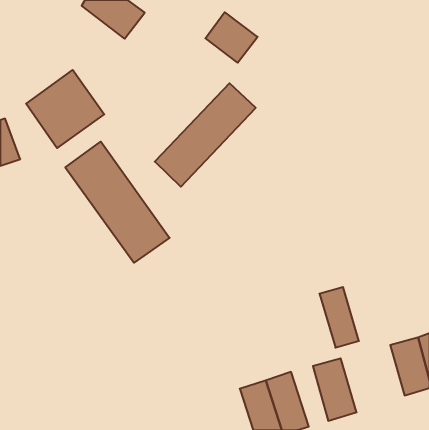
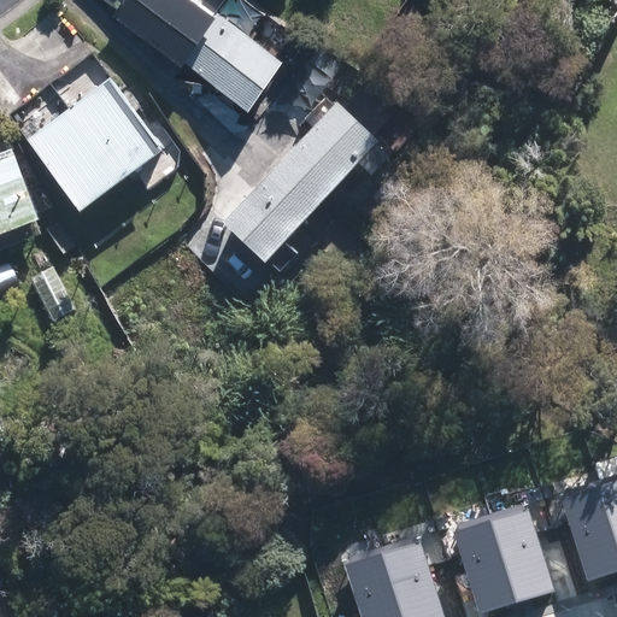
building: [205,12,258,63] -> [196,28,271,100]
building: [65,142,170,263] -> none
building: [319,287,359,348] -> [489,504,546,590]

